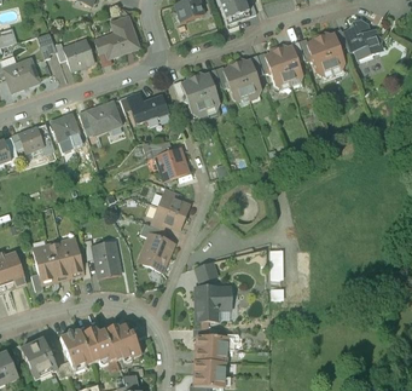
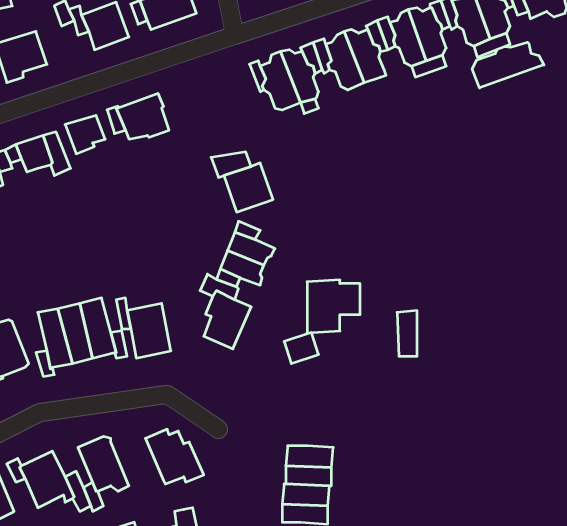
building: none -> [472,42,544,88]
building: [127,91,168,121] -> none
building: [197,284,232,320] -> [307,280,360,333]
building: [81,326,116,361] -> none

